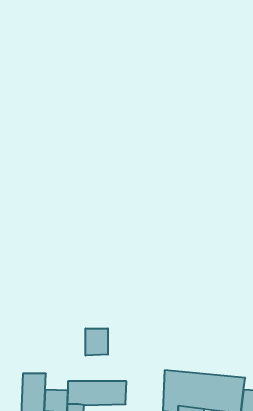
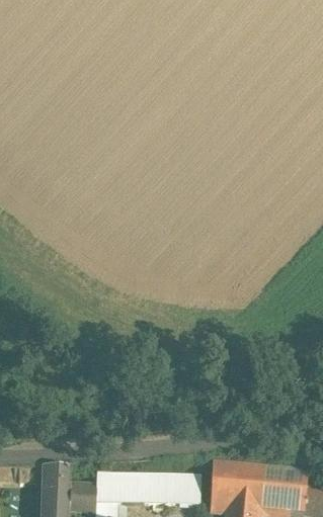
building: [86,328,108,356] -> none
building: none -> [164,476,200,504]

